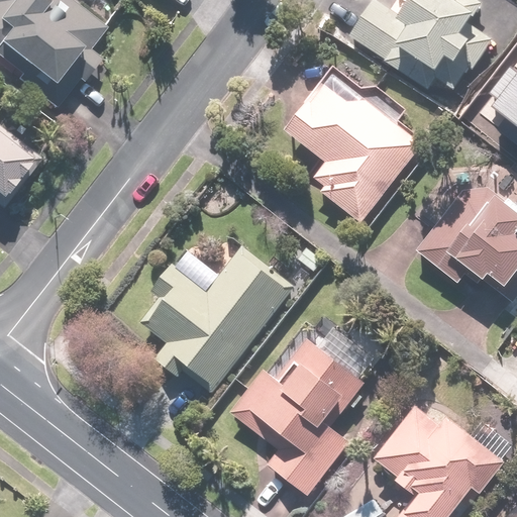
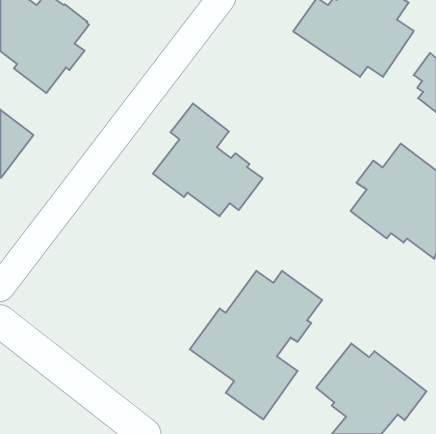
building: [283,68,425,226] -> none
building: none -> [153,103,263,216]
building: [142,244,294,391] -> none

